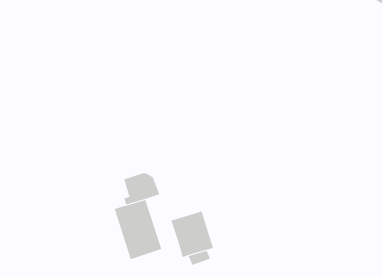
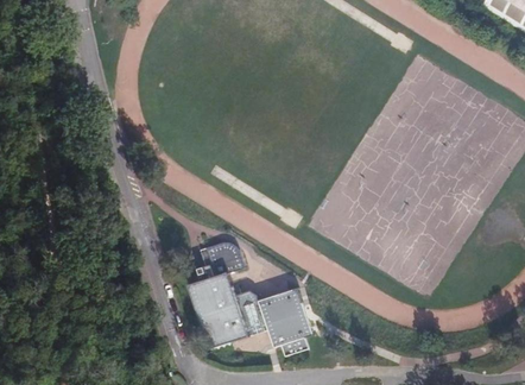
building: none -> [235,291,267,333]

